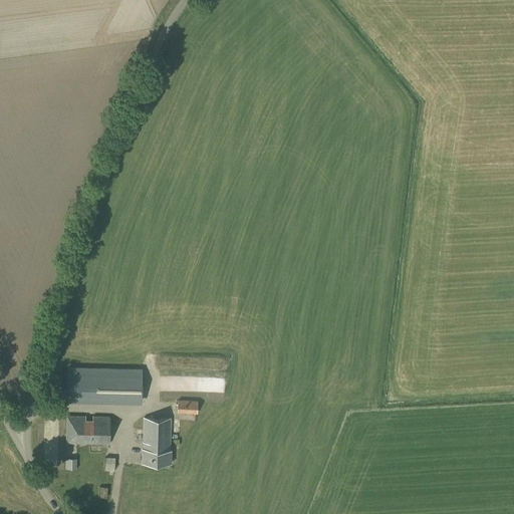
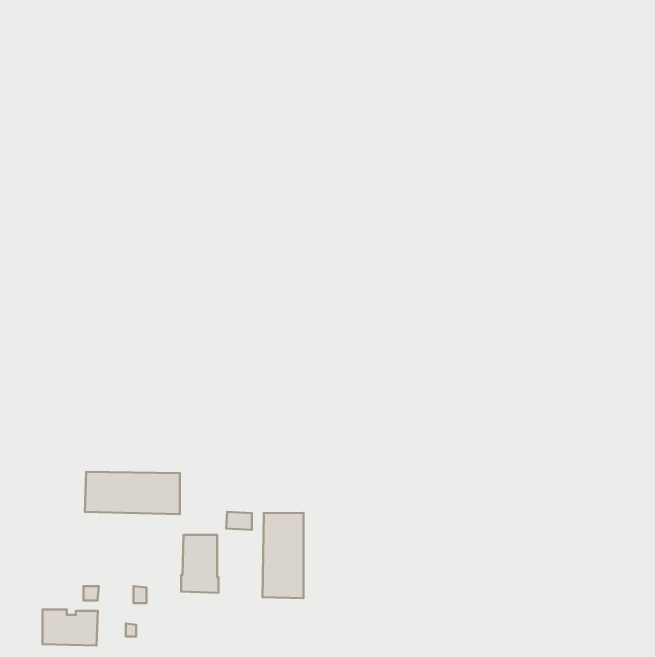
building: none -> [263,513,304,598]
building: [67,416,110,444] -> [42,610,98,646]

